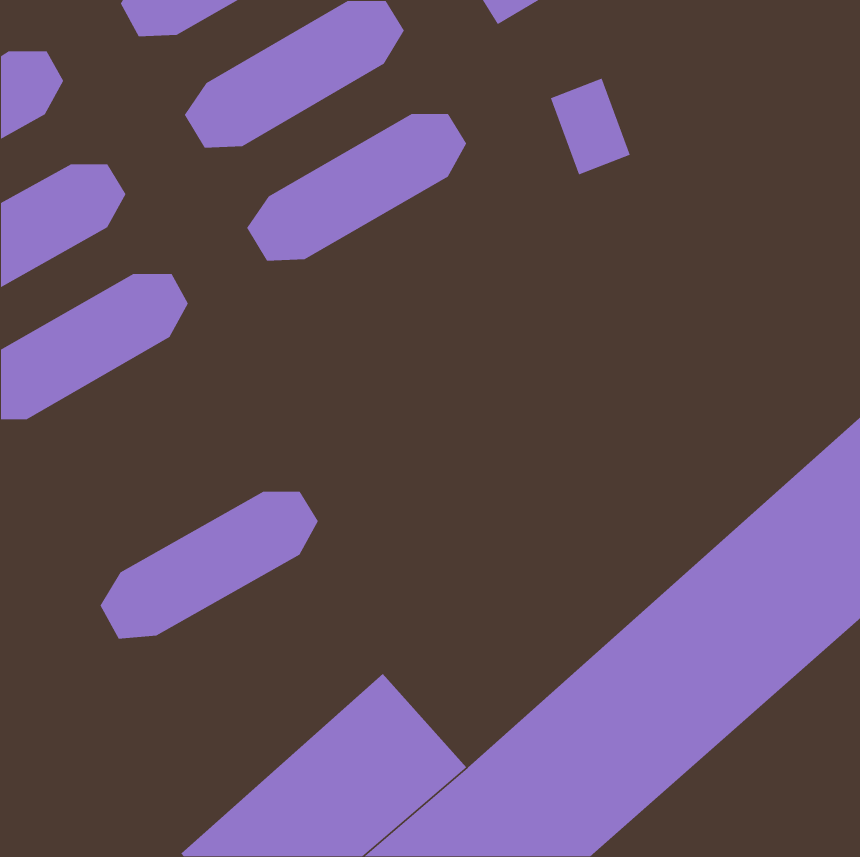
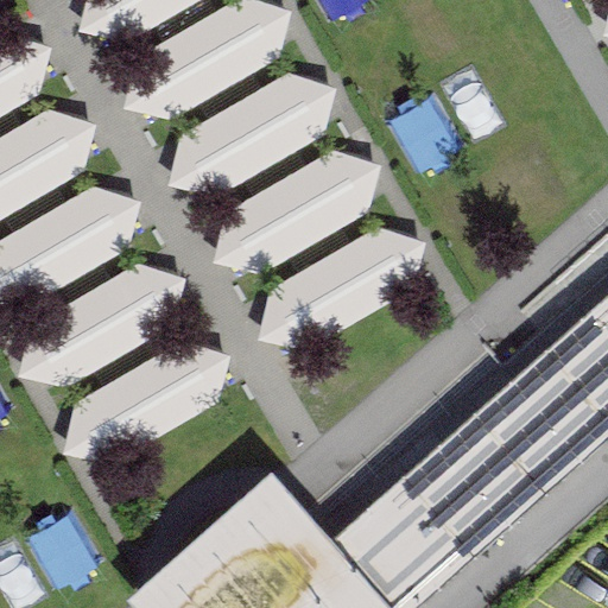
building: none -> [220,154,375,259]
building: none -> [265,232,419,335]
building: none -> [26,268,182,373]

